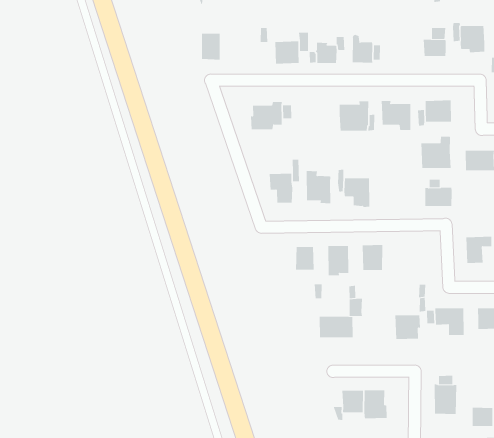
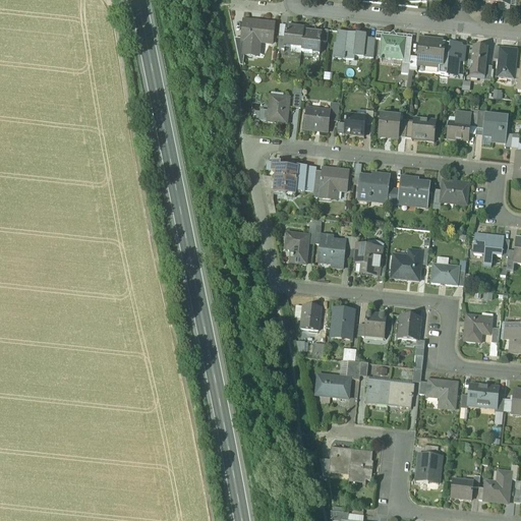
building: [201,33,221,60] -> [268,95,289,122]
building: none -> [411,117,437,140]
building: none -> [319,168,349,197]
building: [421,136,451,168] -> [391,248,422,280]
building: none -> [398,313,421,339]
building: none -> [365,379,390,404]

